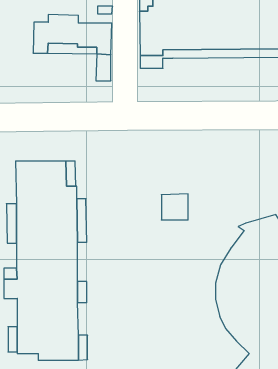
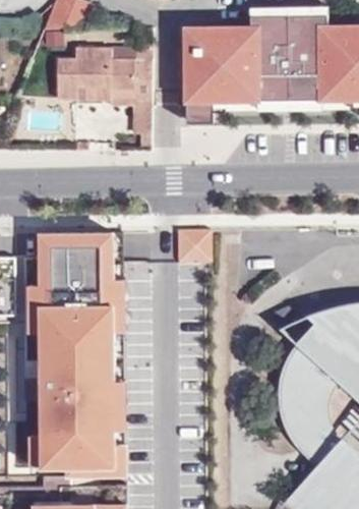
building: [161,194,188,220] -> [178,232,211,264]

